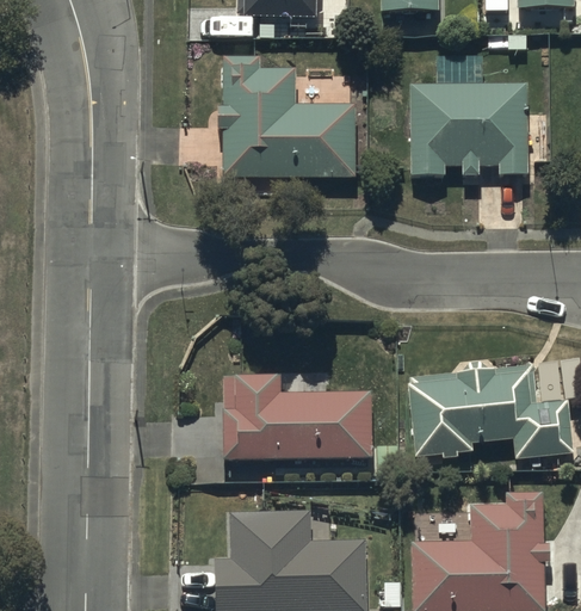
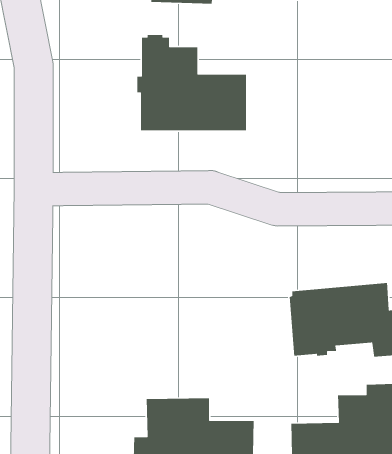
building: [410,58,527,178] -> none
building: [222,375,370,459] -> none

